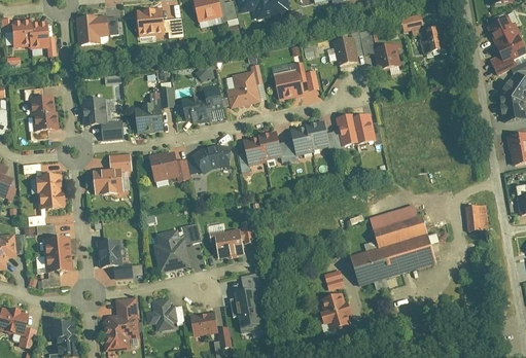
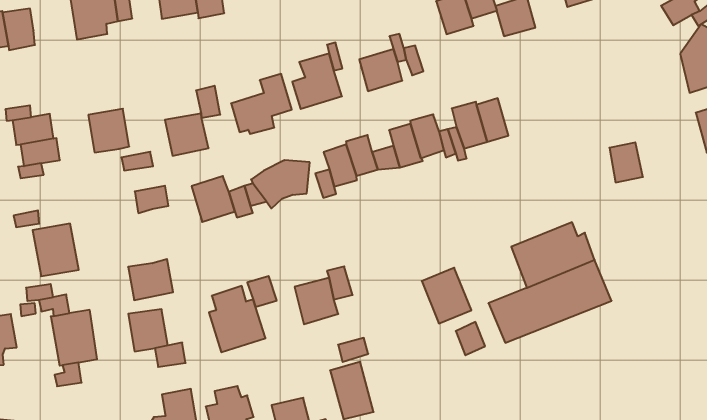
building: [93,169,122,195] -> [128,259,173,300]
building: [466,205,488,231] -> [609,142,643,182]
building: [319,292,352,330] -> [422,268,471,323]

